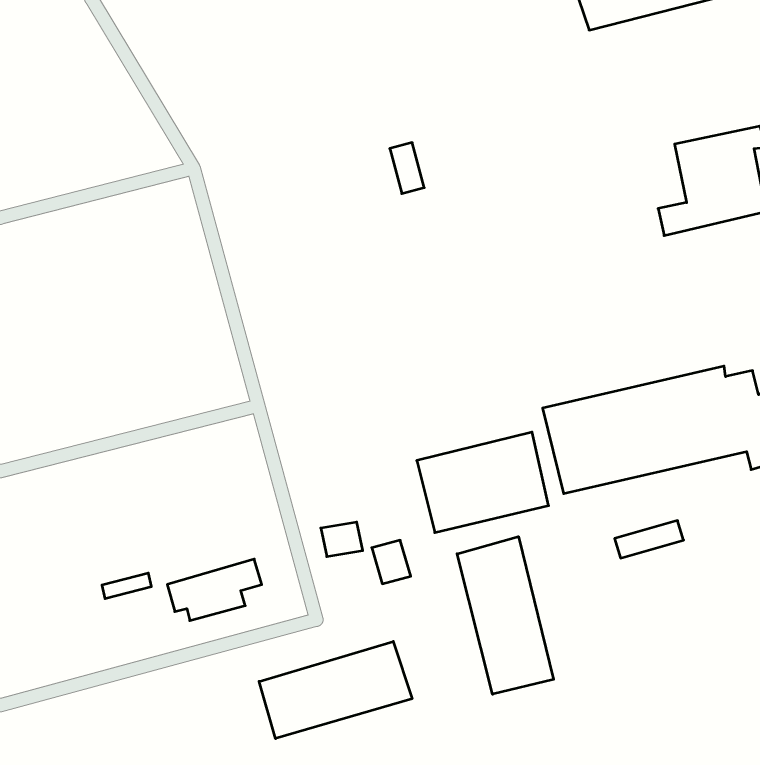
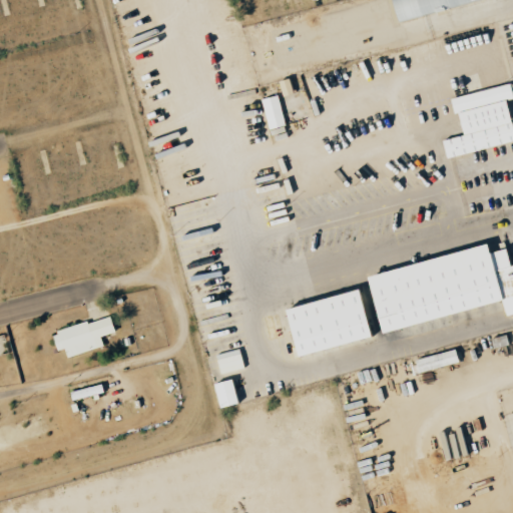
building: [457,537,554,694] -> none
building: [372,540,411,584] -> [214,378,240,407]
building: [167,559,262,621] -> [54,315,117,356]
building: [259,641,412,739] -> none

